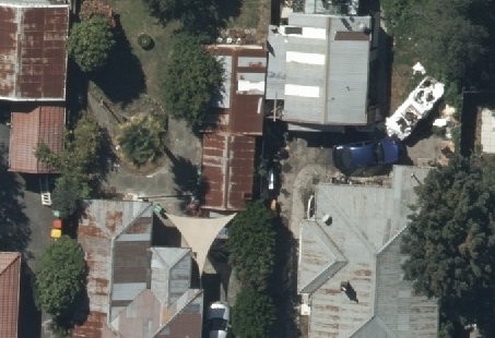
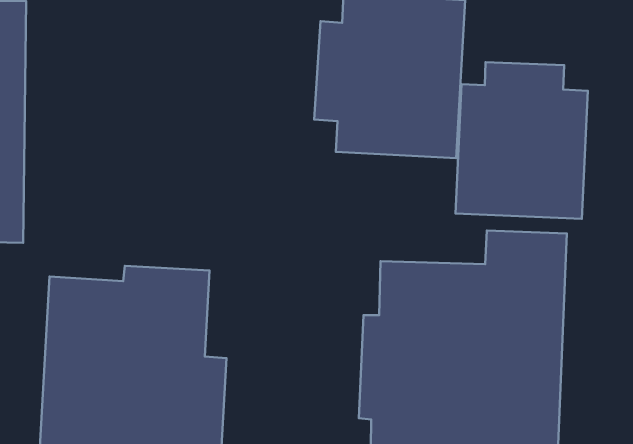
building: [197,38,263,197] -> none
building: none -> [456,62,588,219]

